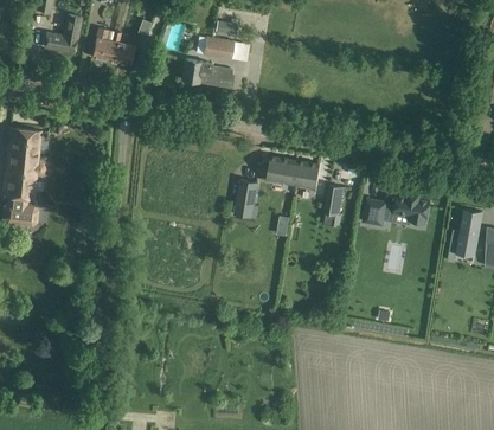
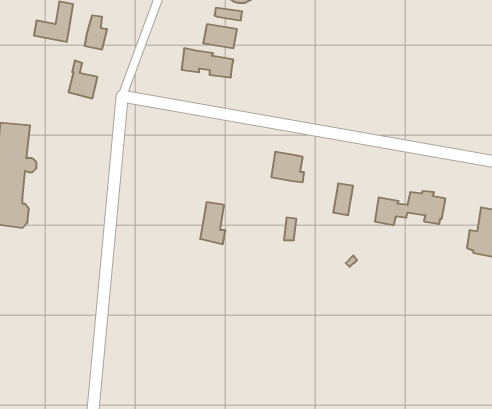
building: [107,31,134,66] -> [68,61,97,98]
building: [293,161,319,188] -> none
building: [233,180,257,219] -> [200,202,225,244]

